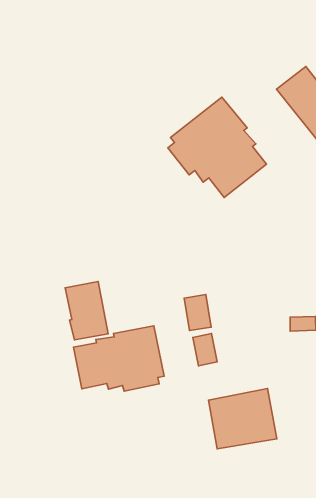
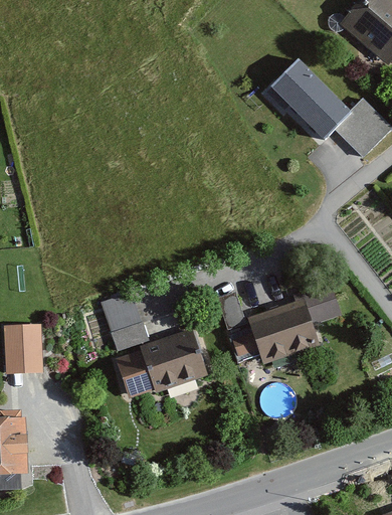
building: [168,97,266,197] -> none
building: [209,389,277,449] -> [248,299,318,362]

